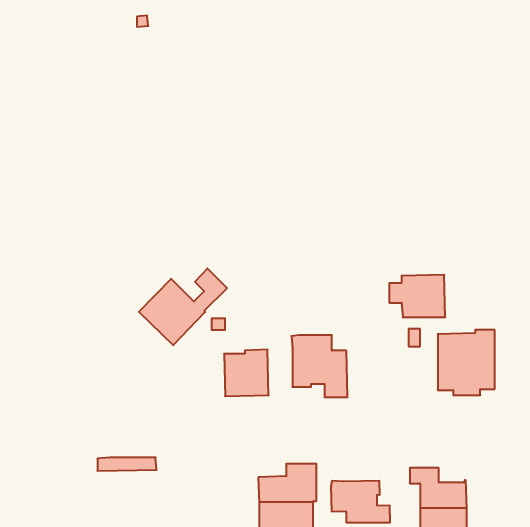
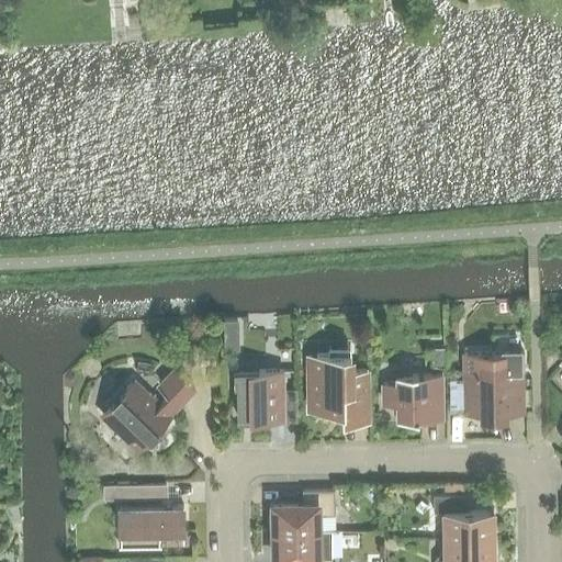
building: [139,268,227,345] -> [101,372,194,453]
building: [389,275,445,317] -> [383,376,442,422]
building: none -> [119,508,183,549]
building: [331,481,390,523] -> none

